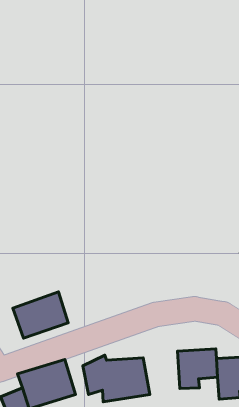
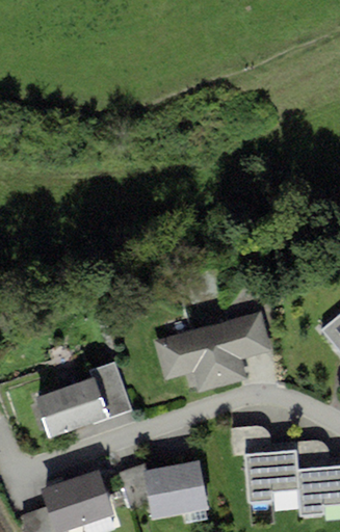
building: none -> [152,311,268,390]
building: none -> [90,361,130,419]

